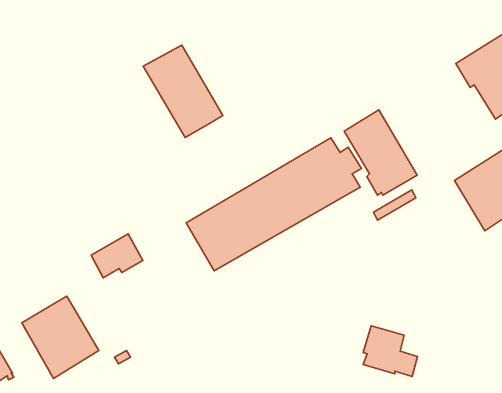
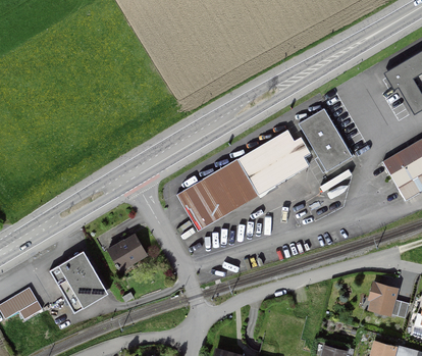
building: [143,45,223,137] -> none
building: [91,234,143,278] -> [108,235,148,268]
building: [363,326,417,376] -> [367,279,409,318]

